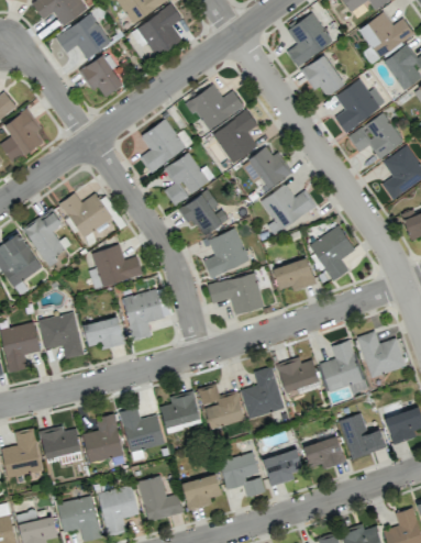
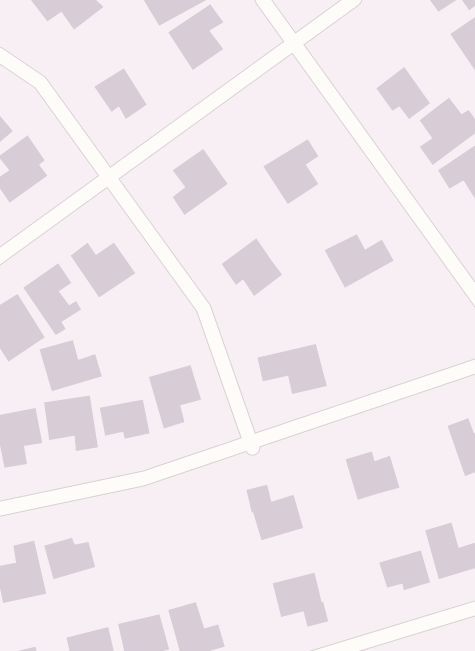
building: [56,13,111,59] -> none
building: [287,13,333,66] -> none
building: [189,86,244,129] -> none
building: [242,147,291,188] -> none
building: [164,153,214,206] -> none
building: [310,226,354,281] -> none
building: [203,229,251,278] -> none
building: [92,245,143,287] -> [39,339,103,392]
building: [273,257,315,291] -> none
building: [321,340,365,392] -> none
building: [241,366,285,419] -> none
building: [160,391,202,433] -> none
building: [120,407,165,453] -> none
building: [84,413,123,463] -> none
building: [263,448,303,486] -> none
building: [181,474,222,510] -> none

